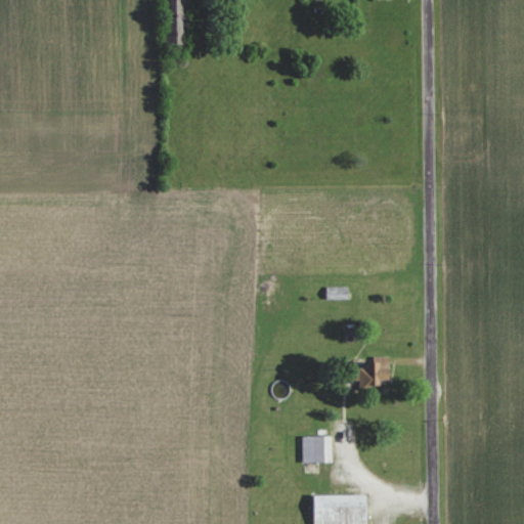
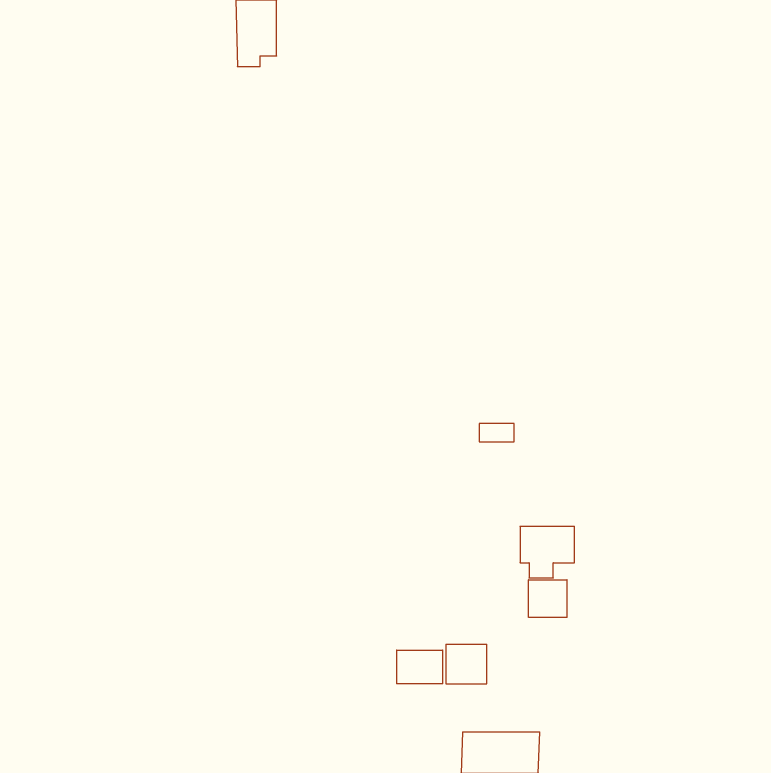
building: none -> [529,580,567,617]
building: none -> [397,650,443,684]

